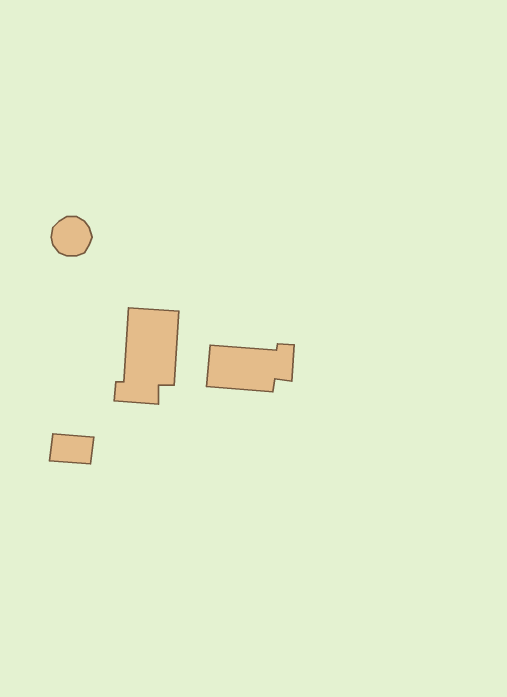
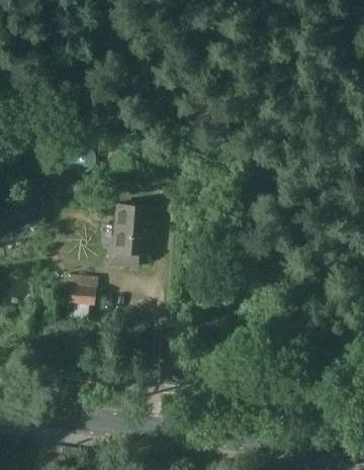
building: [207,344,294,392] -> none

